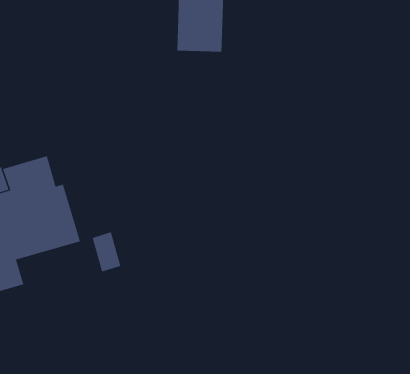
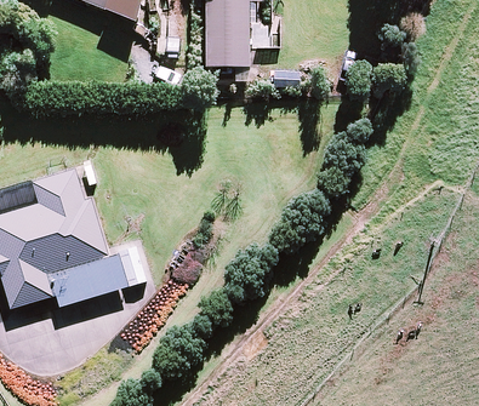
building: none -> [50,253,127,305]

